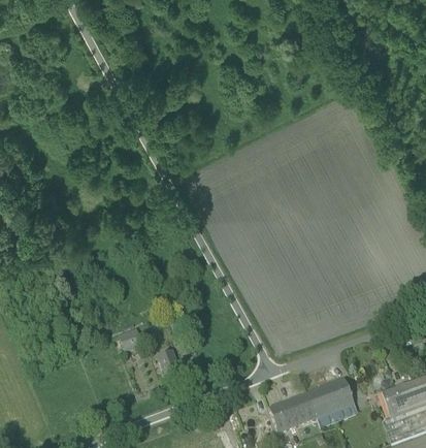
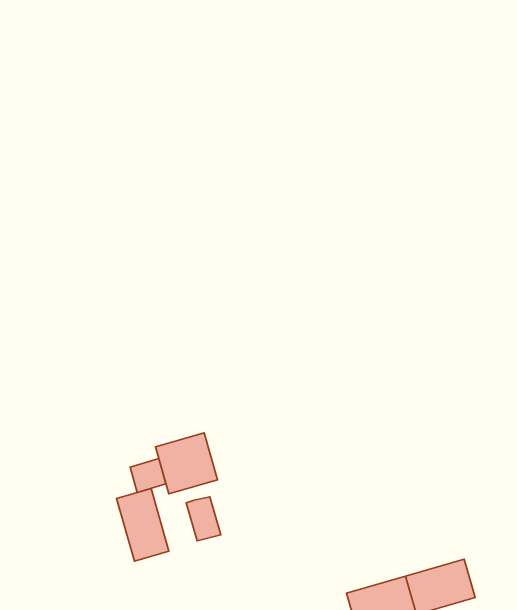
building: none -> [155,433,218,494]
building: none -> [117,489,169,561]

